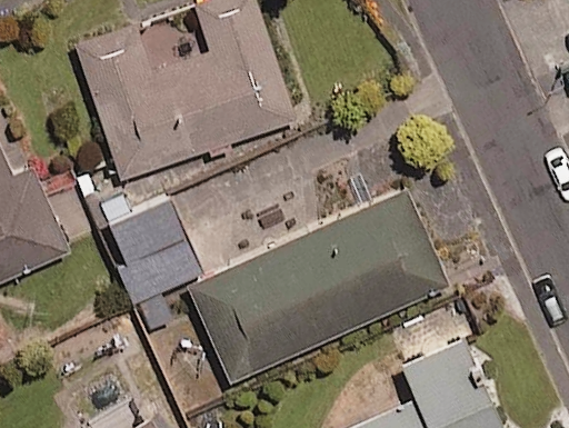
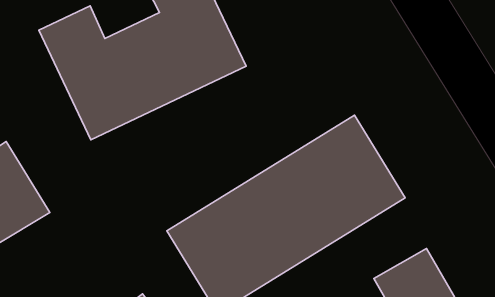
building: [104,200,199,330] -> none

